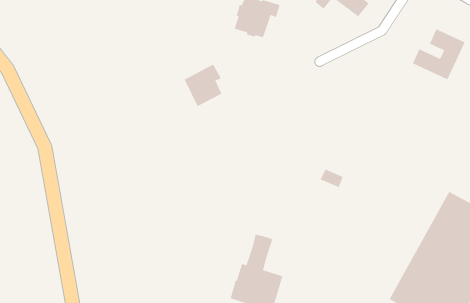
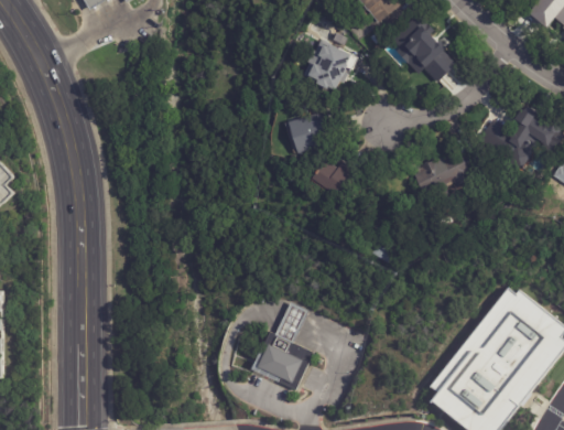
building: [184,64,222,107] -> [288,111,328,155]
building: none -> [413,150,473,202]
building: none -> [312,158,360,201]

